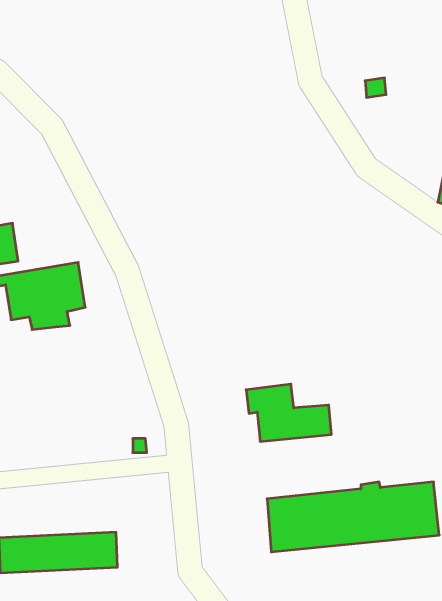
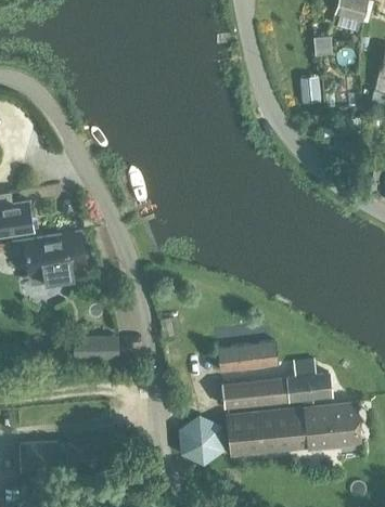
building: none -> [89,340,119,362]
building: none -> [223,361,331,407]
building: none -> [179,415,221,463]

